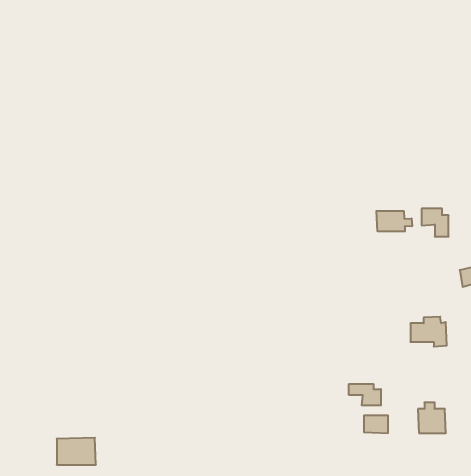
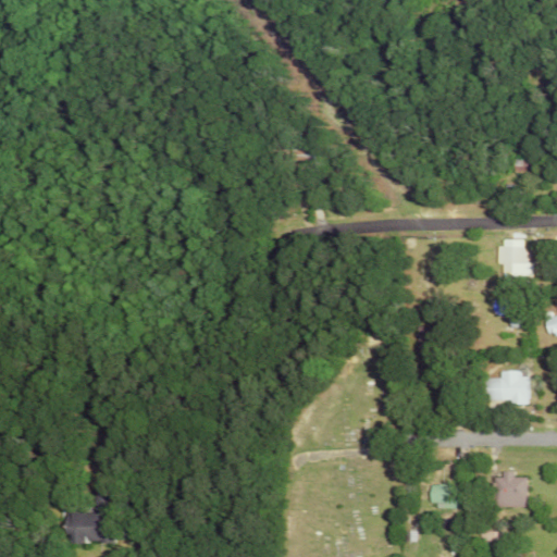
building: [376,211,412,231] -> none
building: [349,384,381,405] -> none

